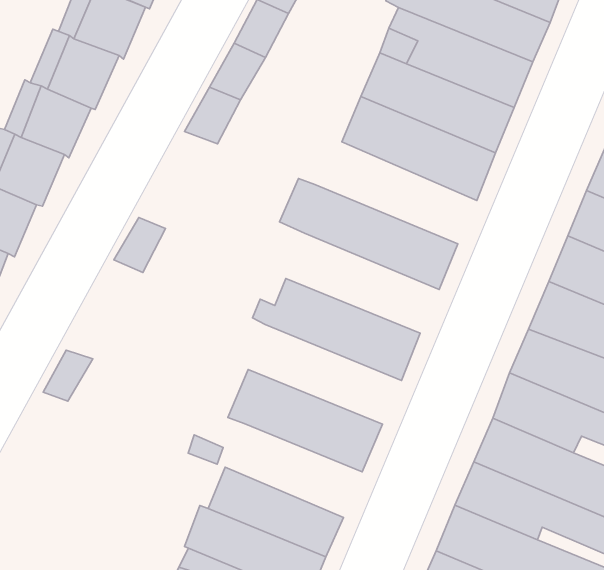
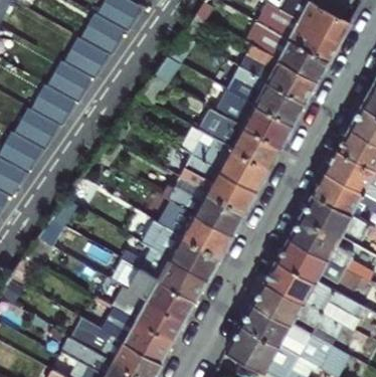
building: none -> [195,103,281,169]
building: none -> [180,155,257,212]
building: none -> [156,199,233,256]
building: none -> [139,248,208,302]

